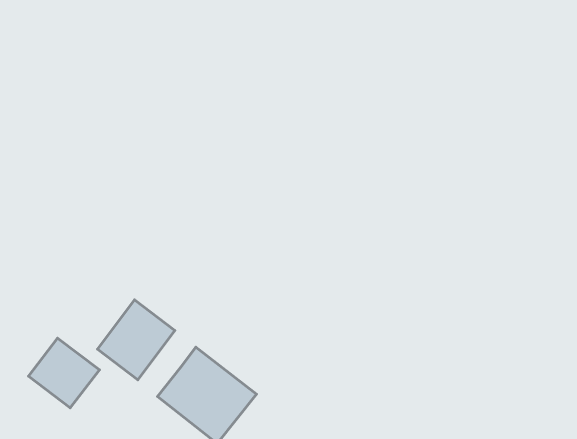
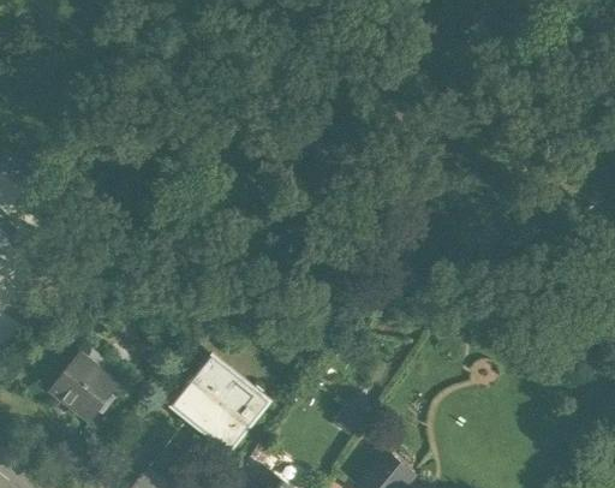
building: [97,300,175,380] -> none

